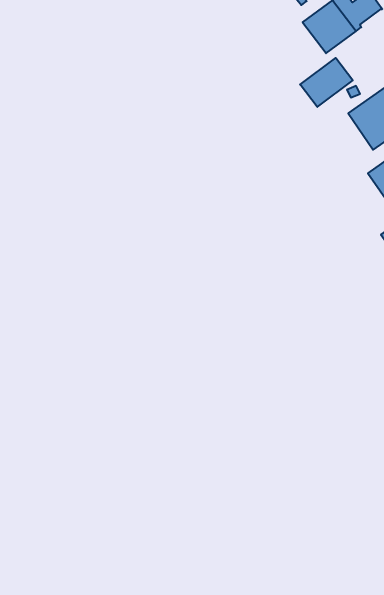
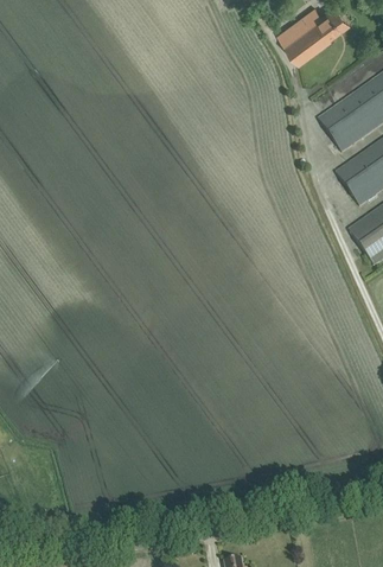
building: [300,58,353,107] -> none

